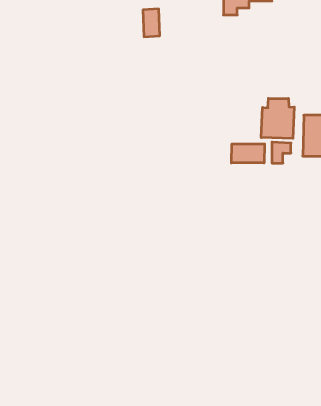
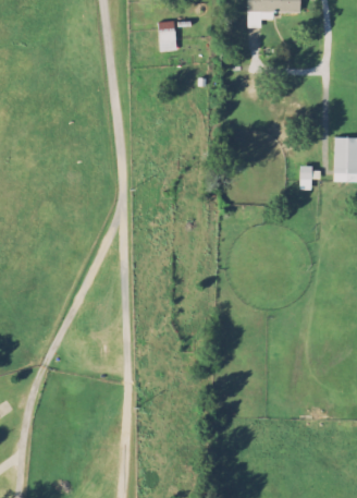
building: [261,98,294,138] -> none
building: [231,144,265,163] -> none

